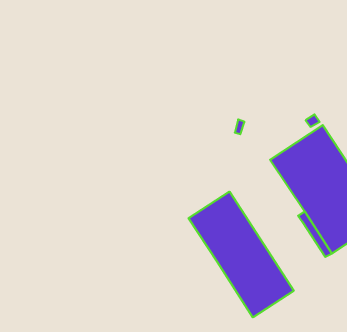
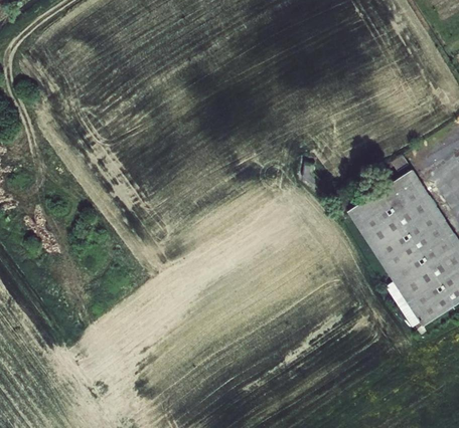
building: [189,192,294,317] -> none

